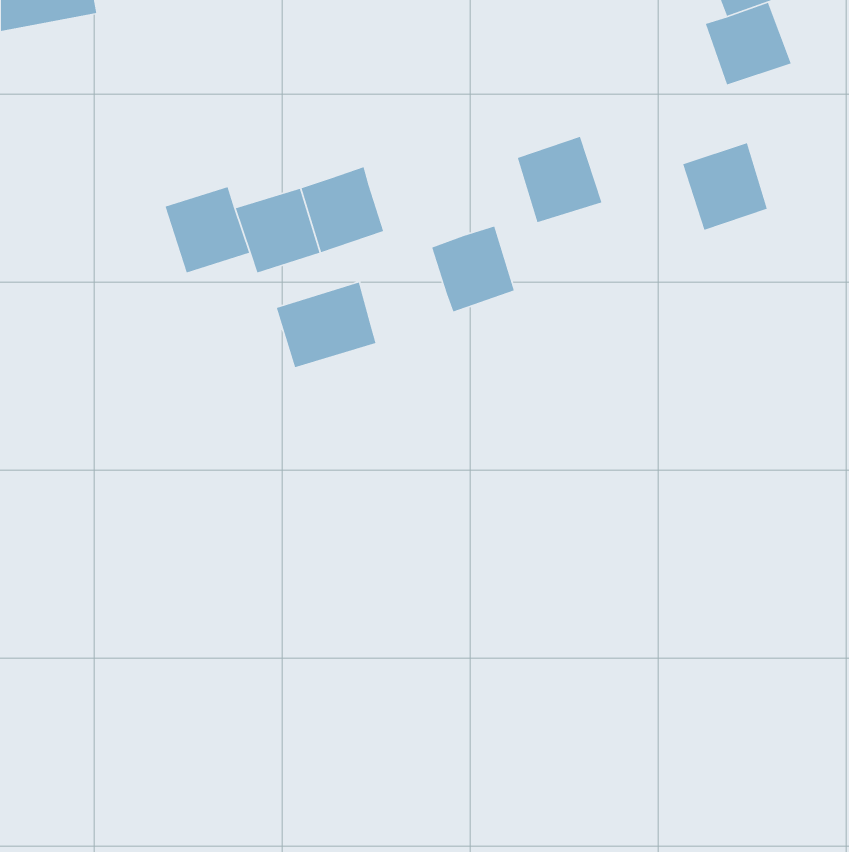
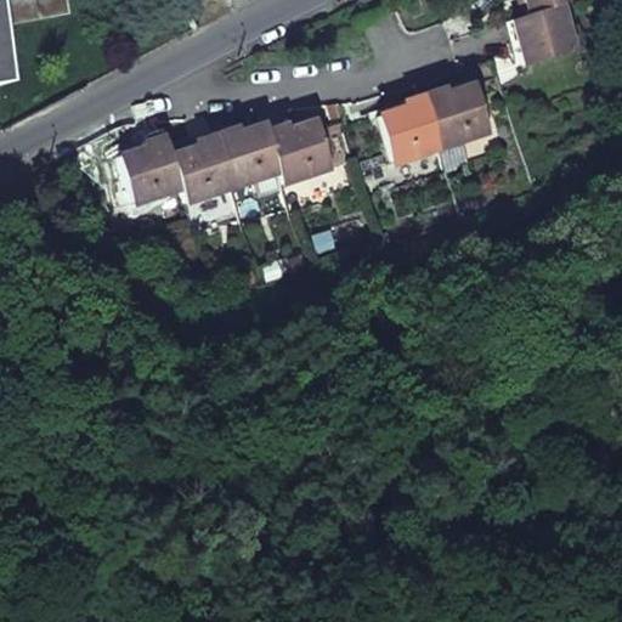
building: [682,142,768,231] -> [426,83,488,147]
building: [431,225,515,313] -> [273,118,334,181]
building: [276,282,376,368] -> none

